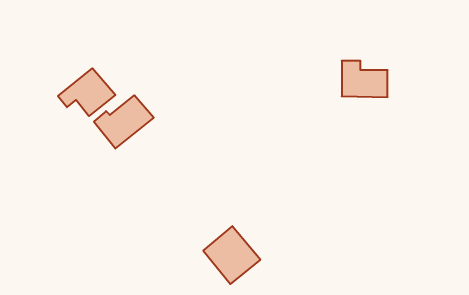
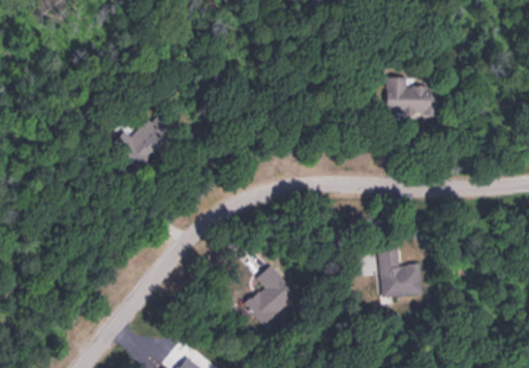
building: [58,68,115,116] -> none
building: none -> [377,247,421,298]

